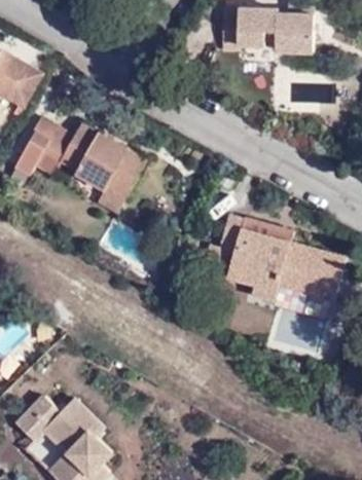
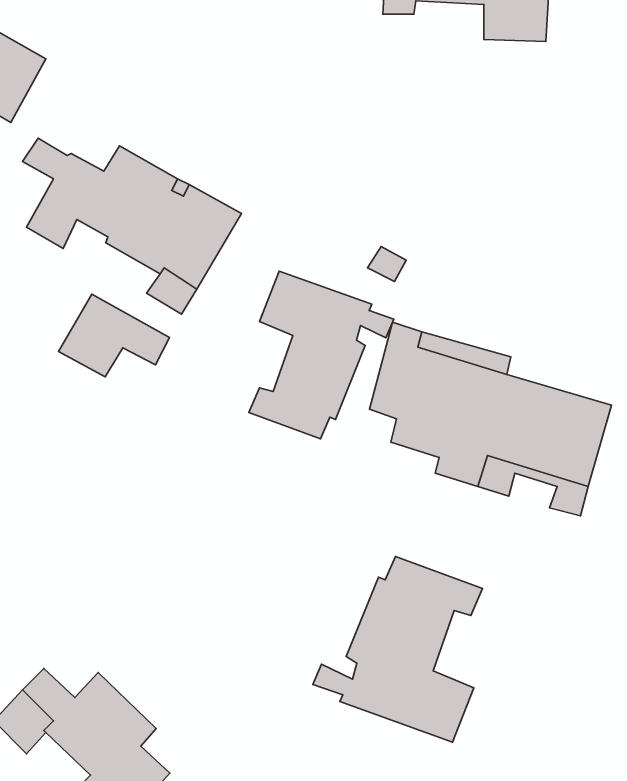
building: none -> [249,271,394,439]
building: none -> [59,294,169,377]
building: none -> [313,556,483,742]

